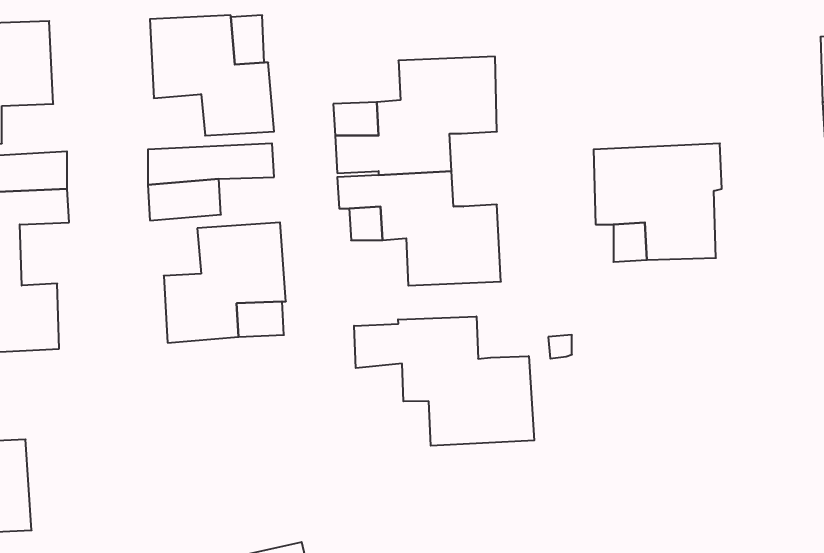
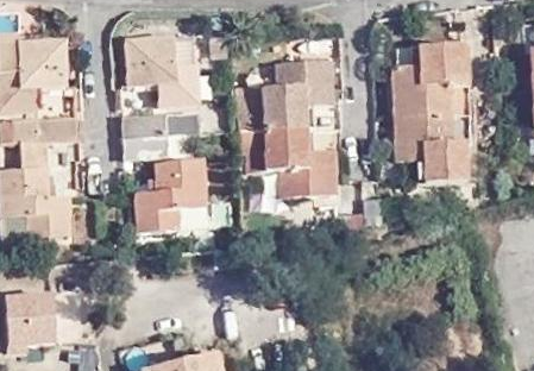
building: none -> [392,44,470,115]
building: [354,316,534,446] -> none

